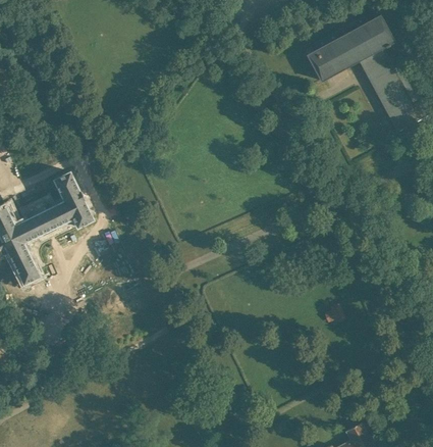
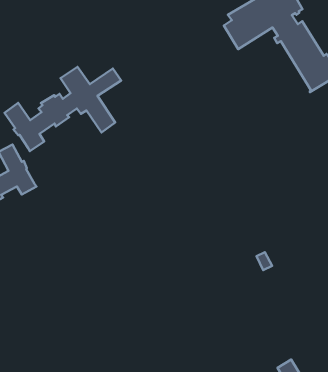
building: none -> [5,67,121,151]

